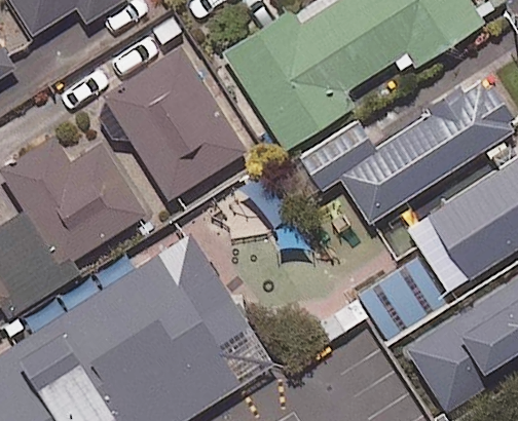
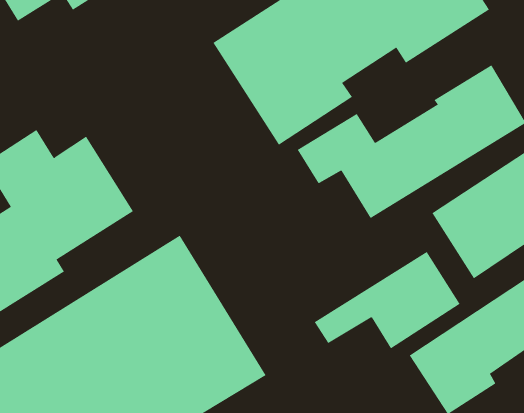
building: [103,50,247,202] -> none

